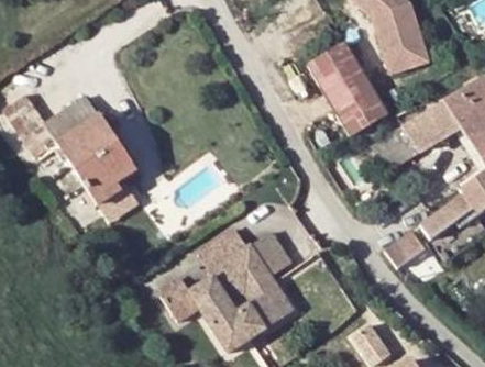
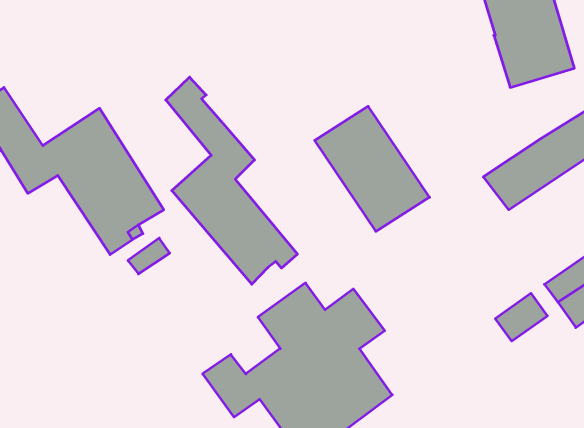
building: [298,45,383,137] -> [315,106,430,231]
building: none -> [166,77,297,284]

